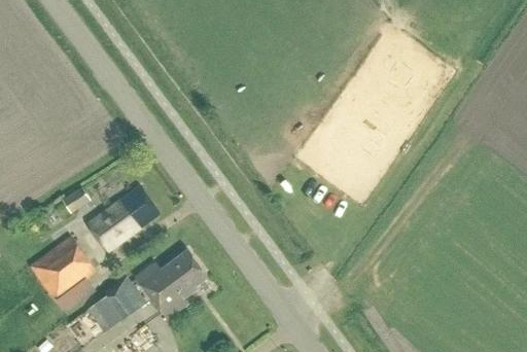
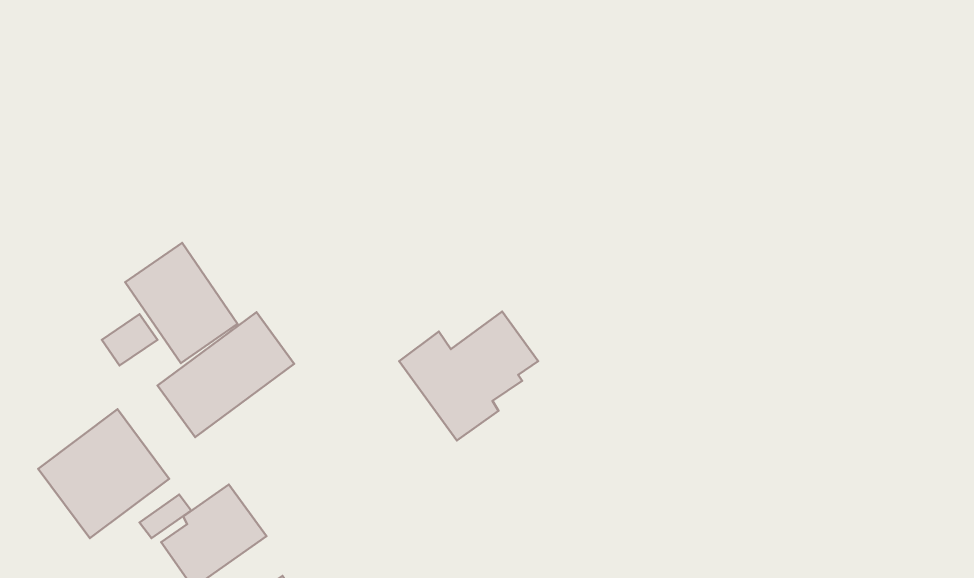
building: none -> [125,243,237,363]
building: [135,250,207,317] -> [399,312,538,440]

